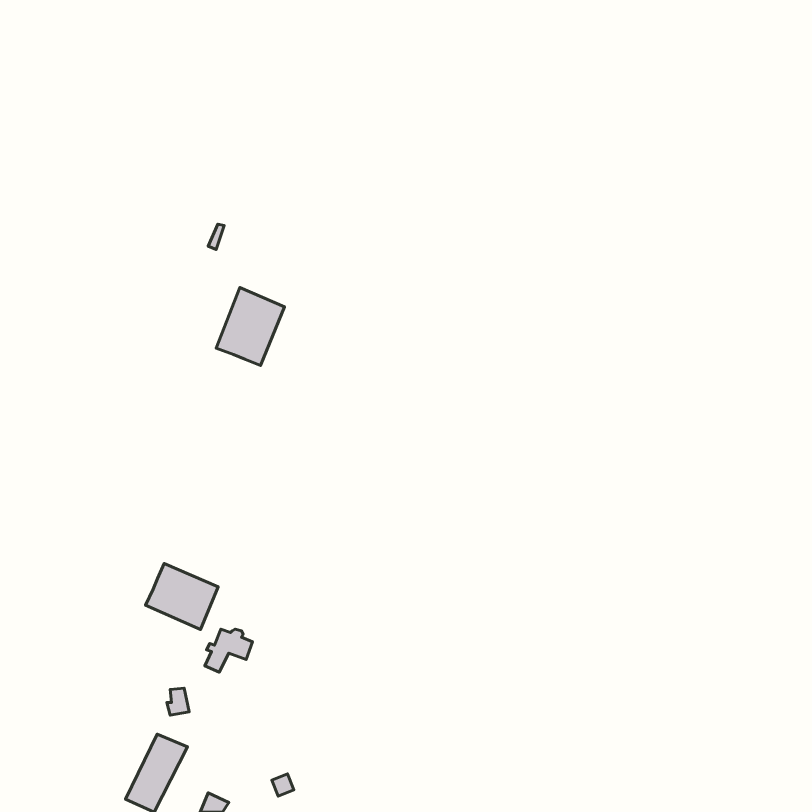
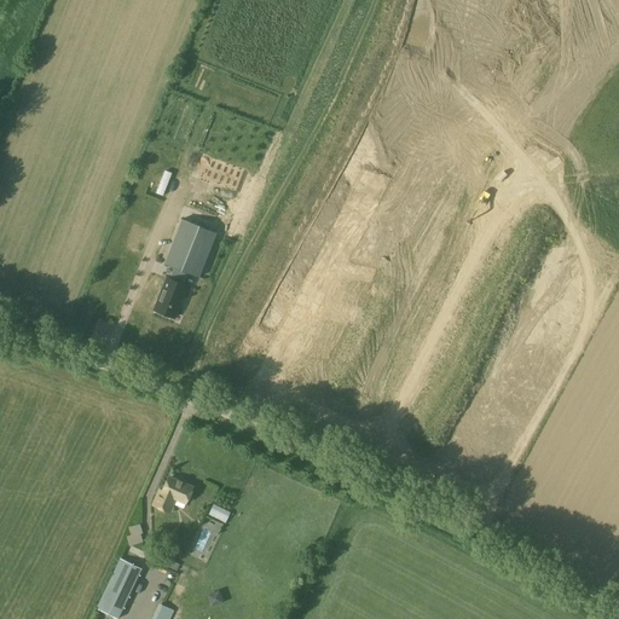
building: none -> [155,270,187,318]
building: [146,563,218,630] -> none

